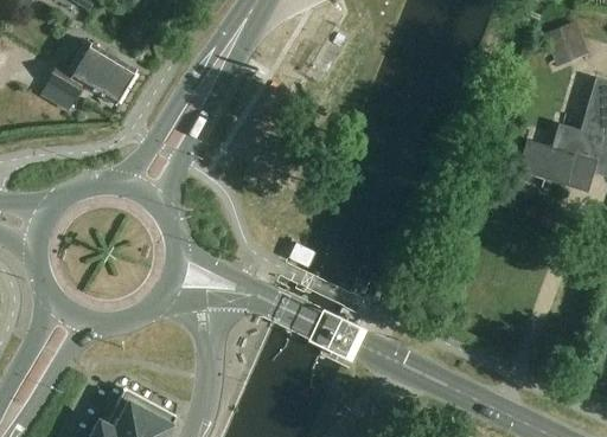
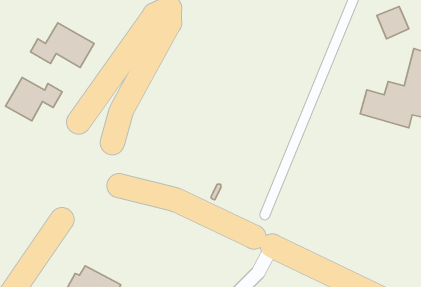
building: none -> [6,78,62,121]

